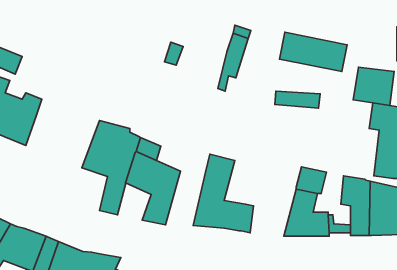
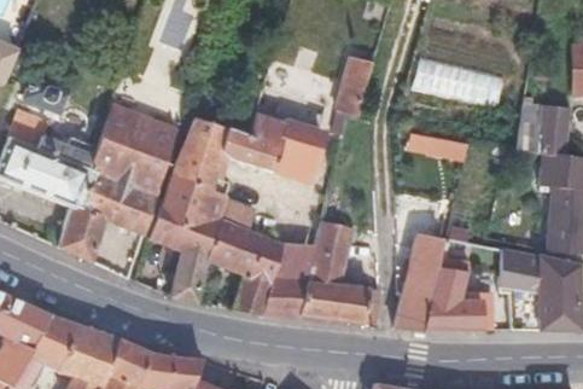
building: none -> [59,105,177,262]
building: none -> [173,111,323,197]
building: none -> [262,244,316,318]
building: none -> [393,260,439,332]

